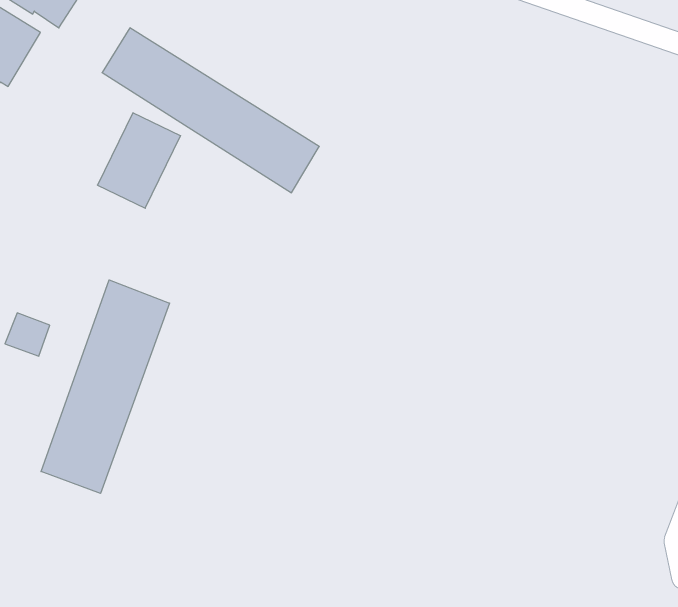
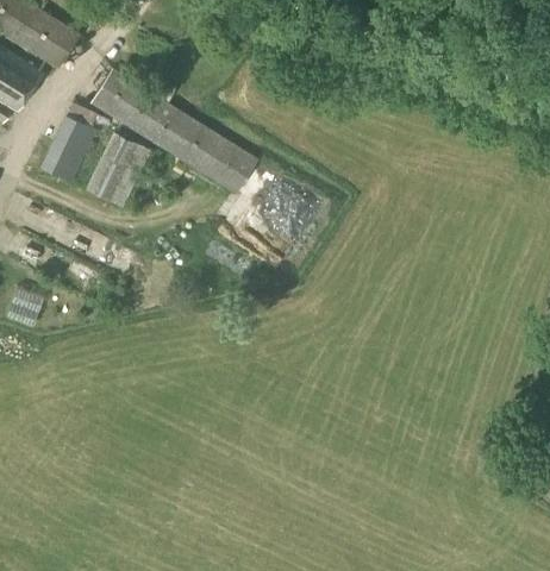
building: none -> [38,102,96,182]
building: [41,280,170,493] -> none

